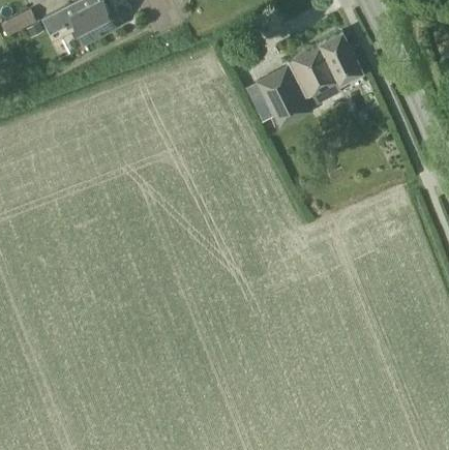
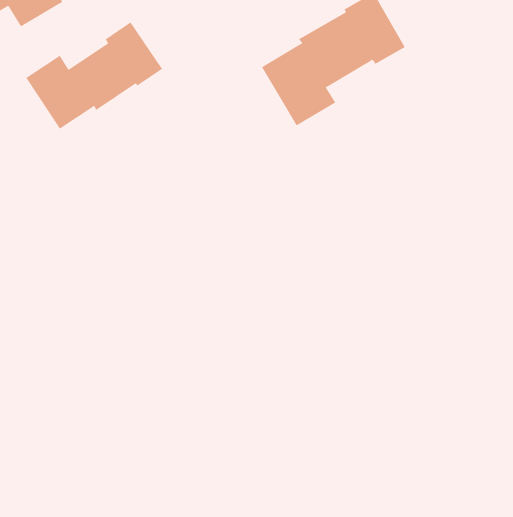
building: none -> [26,22,163,129]

